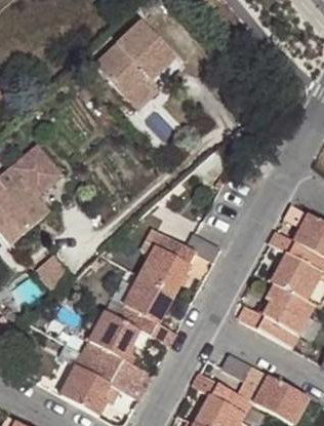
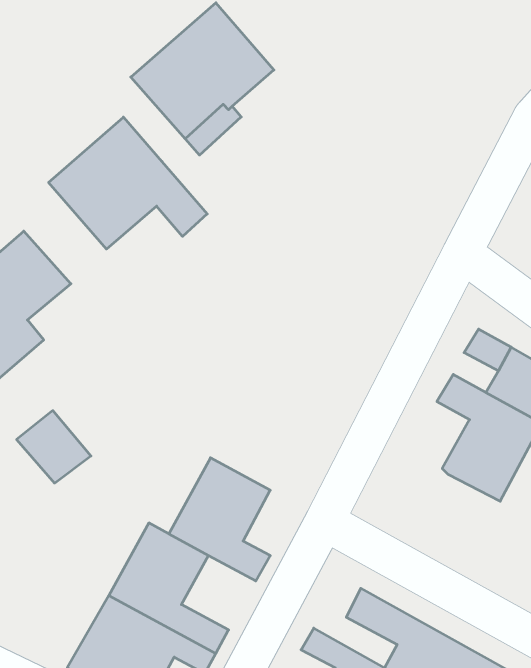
building: none -> [49,117,207,249]
building: [139,234,217,296] -> none
building: [240,286,310,343] -> none

